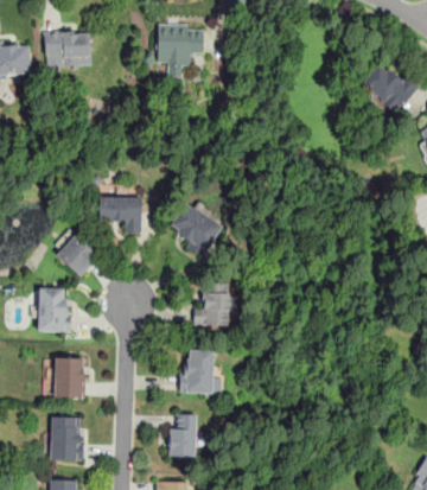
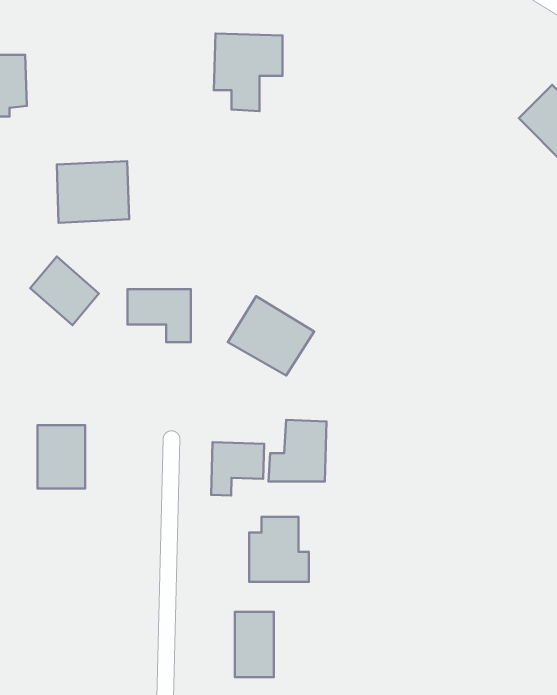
building: [43,28,91,70] -> [57,161,129,223]
building: [51,230,97,276] -> [30,257,99,325]
building: none -> [211,442,264,495]
building: [53,357,83,397] -> none
building: [50,416,82,460] -> none

